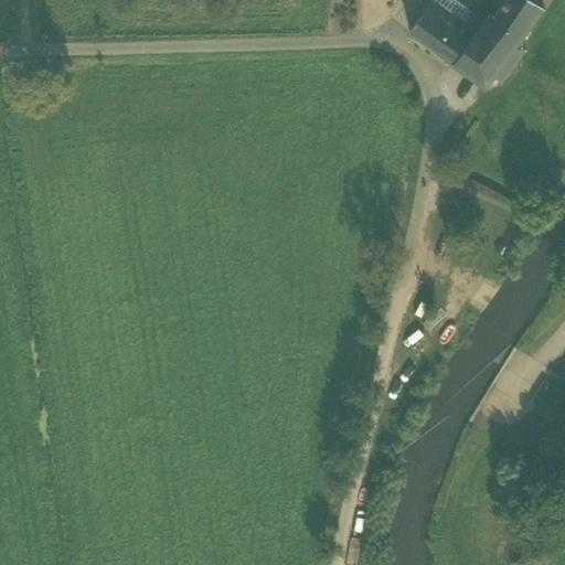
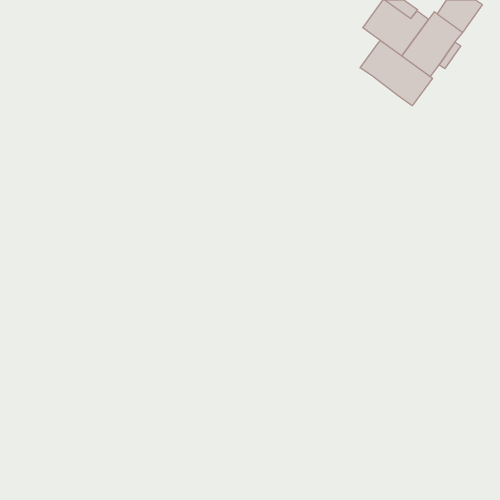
building: none -> [360,40,433,106]

